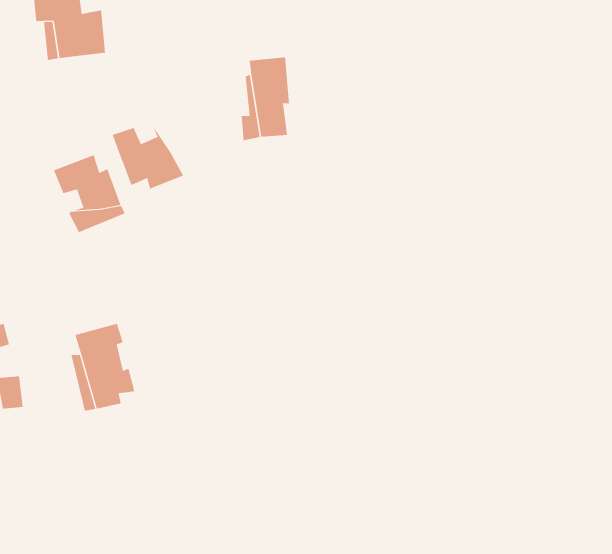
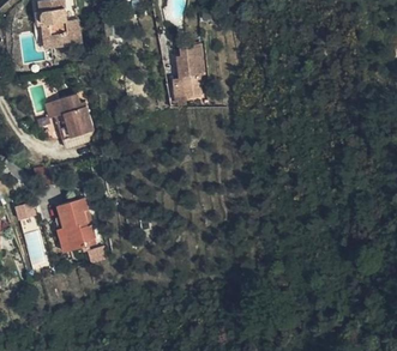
building: [112,122,184,189] -> none

